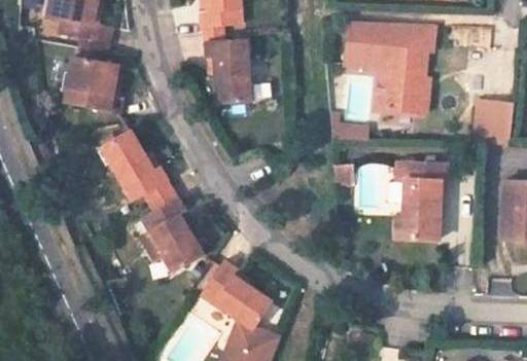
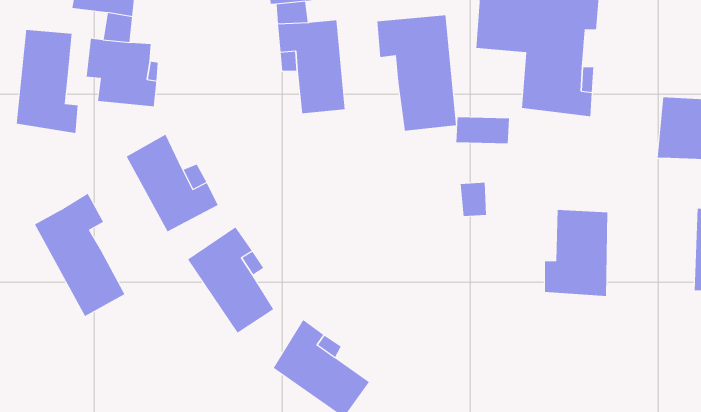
building: none -> [377,14,456,132]
building: none -> [16,29,78,134]
building: [394,160,449,184] -> none
building: none -> [34,193,125,317]

